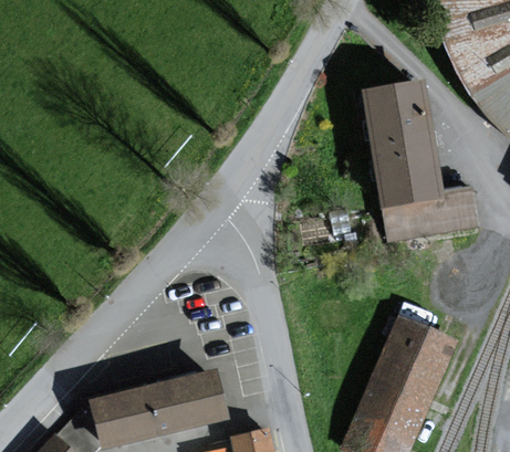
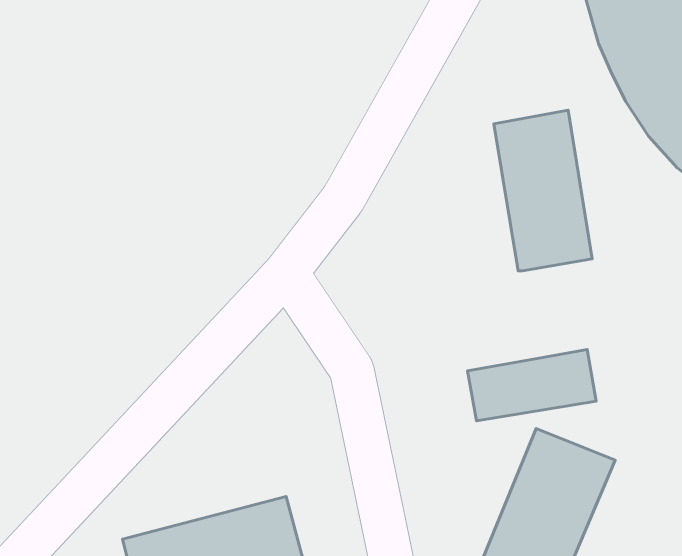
building: [386,189,480,241] -> [468,350,596,421]

